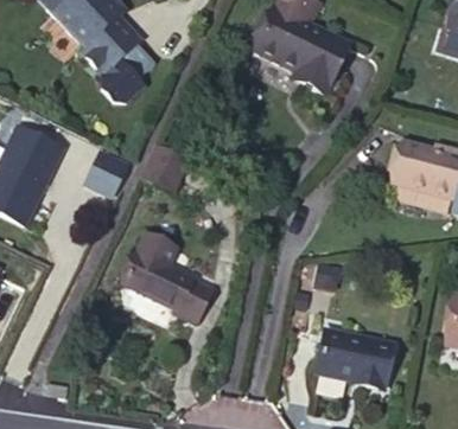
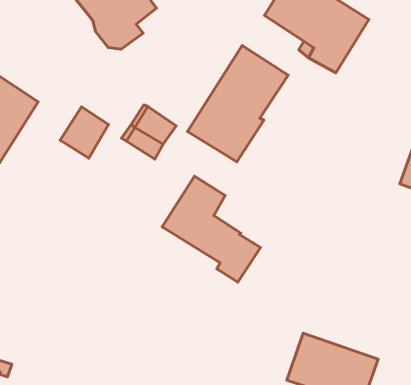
building: none -> [188,45,288,162]
building: [121,231,211,321] -> [162,176,260,282]

